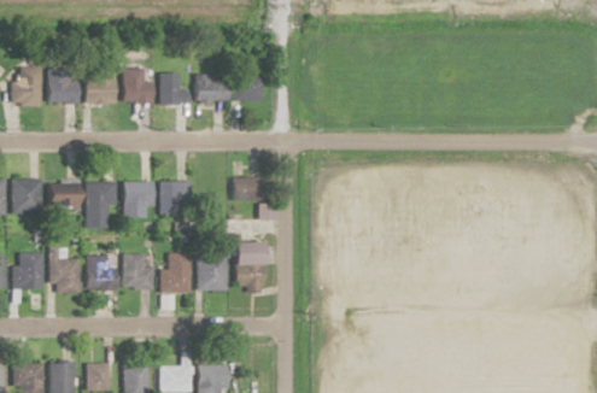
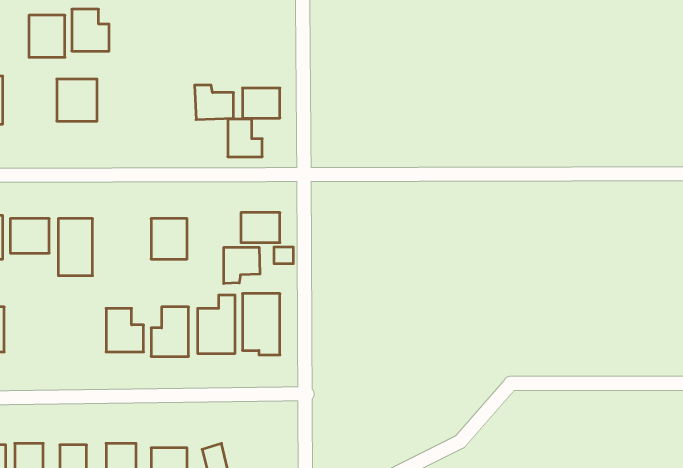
building: [48,69,77,102] -> [29,15,65,57]
building: [122,69,152,102] -> [72,9,109,51]
building: [160,72,188,102] -> [228,119,262,157]
building: [122,181,152,217] -> none
building: none -> [224,247,260,284]
building: [49,247,80,293] -> none
building: [86,256,117,288] -> none

